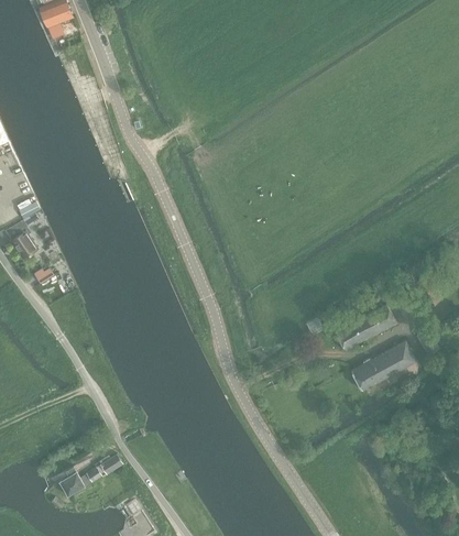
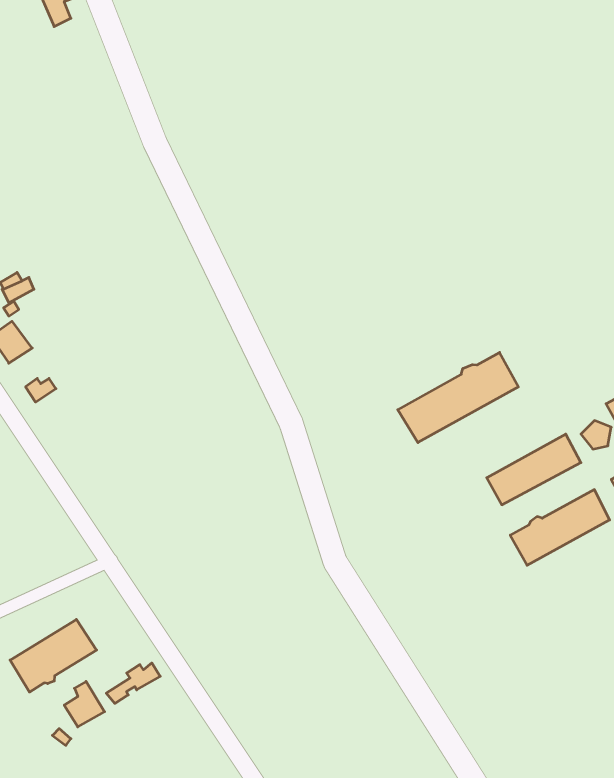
building: none -> [398,352,518,443]
building: none -> [10,619,97,692]

